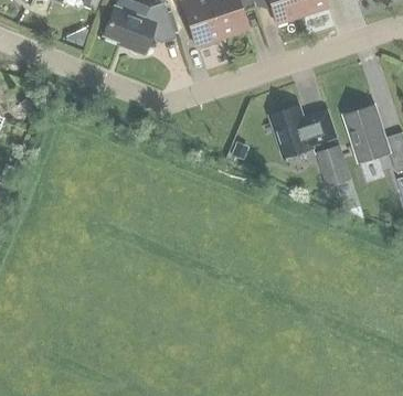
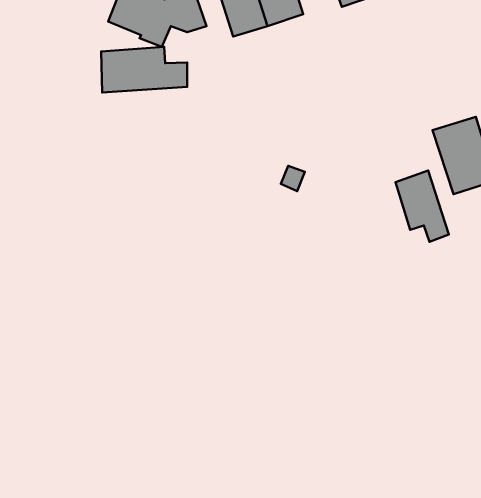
building: none -> [101,47,187,93]
building: [269,105,337,157] -> none

